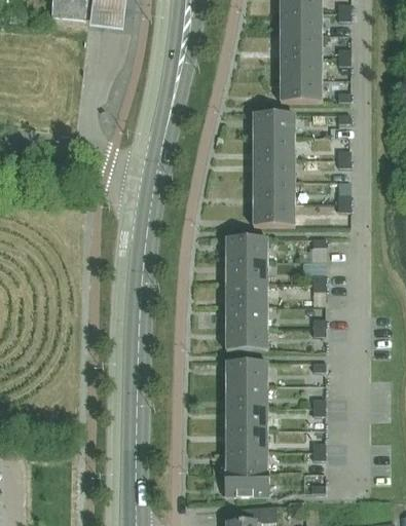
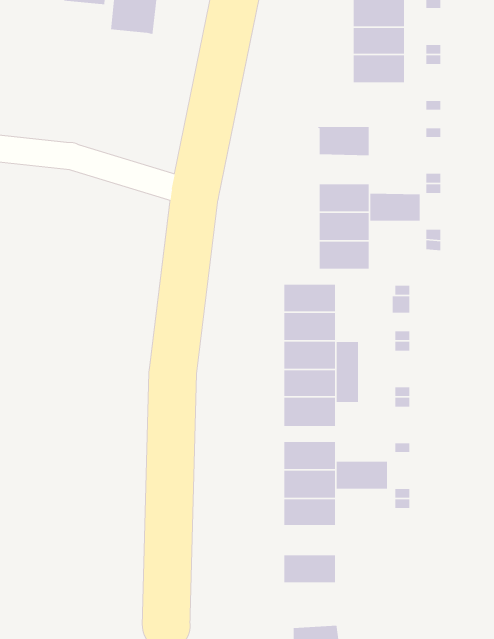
building: [280,78,321,101] -> none
building: [253,135,293,157] -> [370,193,420,221]
building: none -> [336,341,359,403]
building: [225,427,266,450] -> [336,461,388,489]
building: [224,473,268,496] -> none

